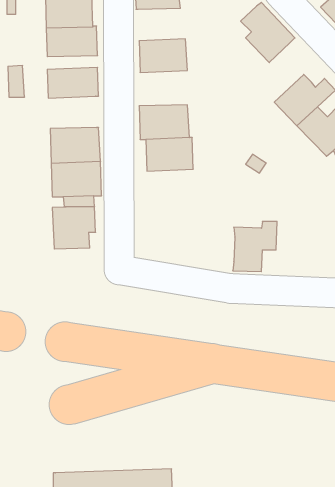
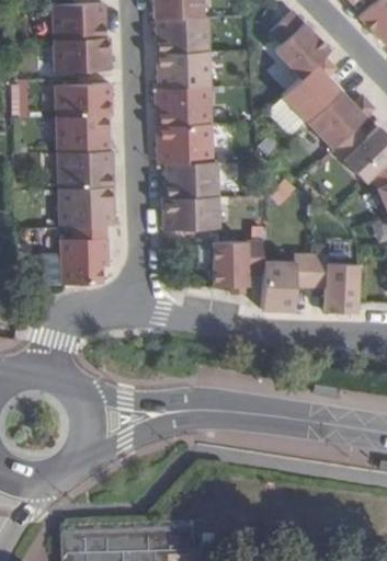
building: none -> [156,18,208,54]
building: none -> [283,56,340,122]
building: none -> [155,87,210,126]
building: none -> [56,115,110,151]
building: none -> [162,196,218,230]
building: none -> [212,240,263,287]
building: none -> [309,254,357,312]

